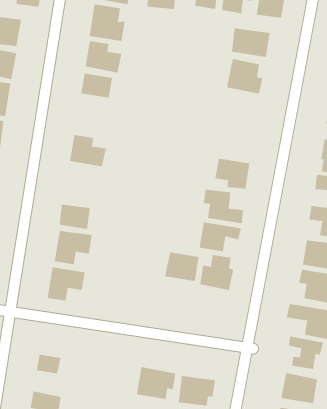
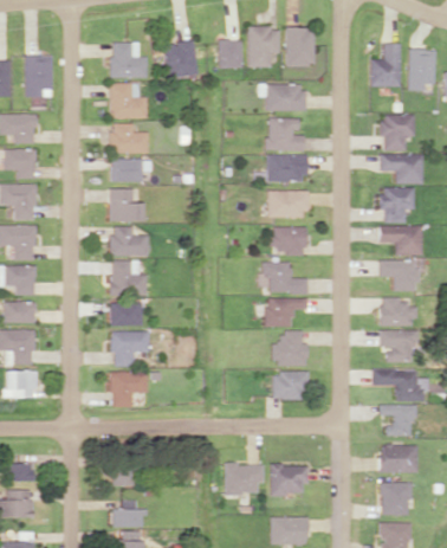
building: none -> [255,154,306,181]
building: none -> [111,188,143,220]
building: none -> [267,189,307,217]
building: none -> [112,259,148,295]
building: [164,252,200,282] -> [272,372,306,399]

